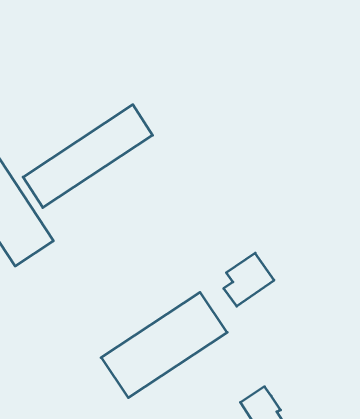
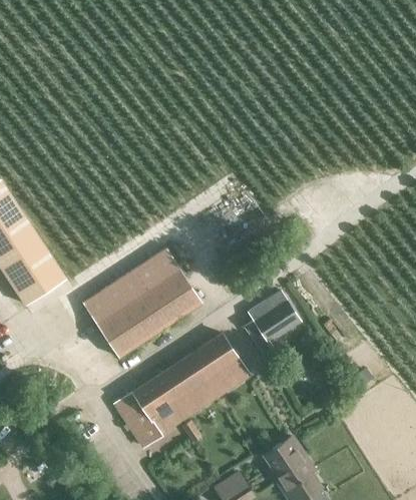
building: [23,105,153,208] -> none
building: none -> [81,249,200,359]

